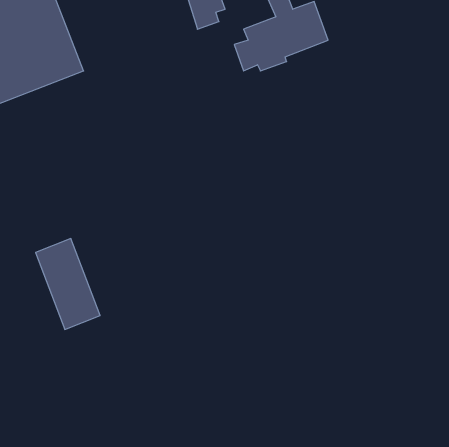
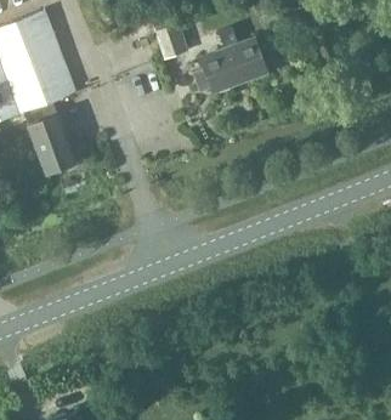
building: [36,239,100,329] -> [26,101,77,172]

